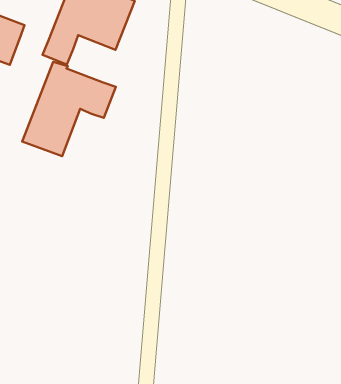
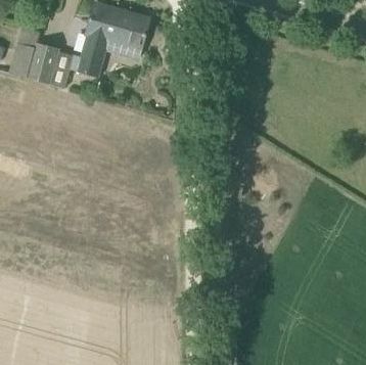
building: [22,62,116,156] -> none

